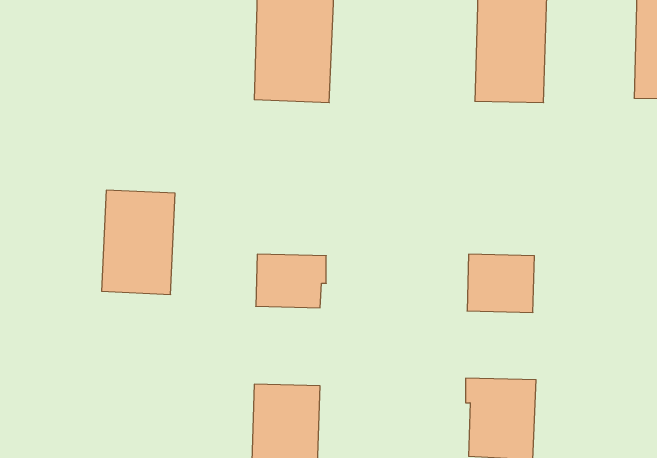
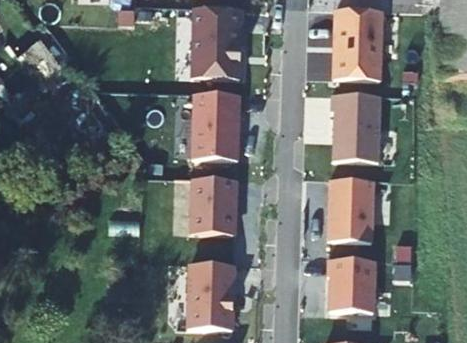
building: none -> [332,92,380,160]
building: [102,190,175,294] -> [191,91,239,159]
building: none -> [190,211,233,233]
building: none -> [328,214,372,239]

